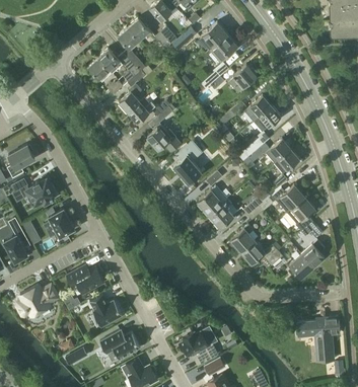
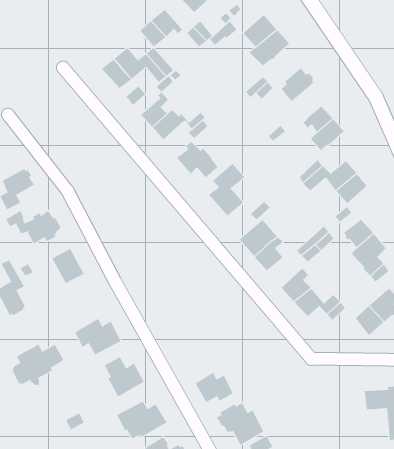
building: none -> [195,372,233,403]

